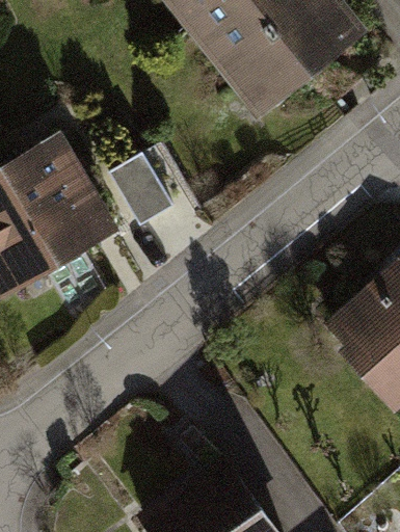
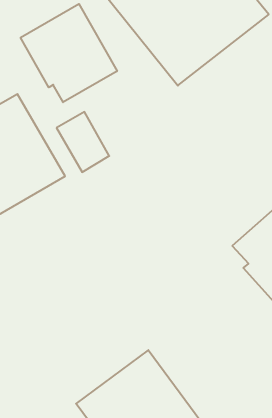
building: none -> [21,4,117,102]

